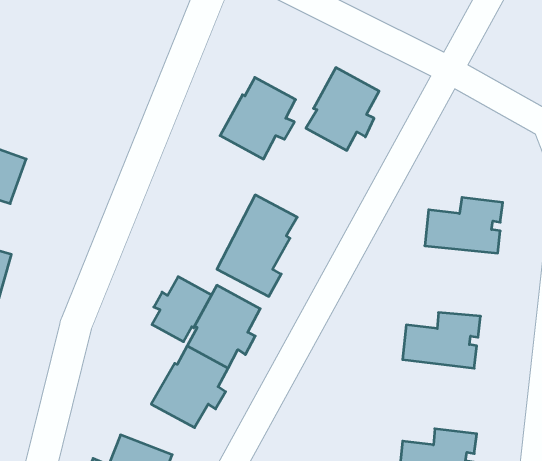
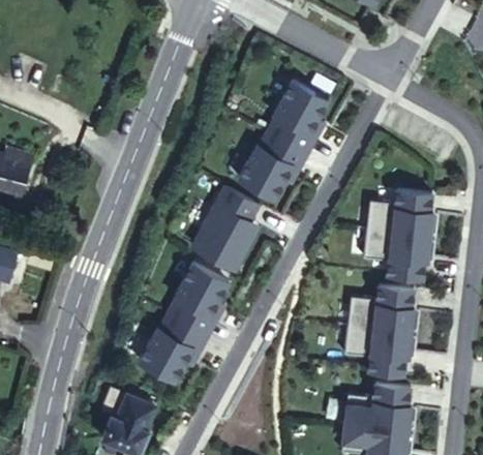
building: [220,77,296,159] -> [239,132,302,201]
building: none -> [364,231,428,280]
building: [152,277,212,342] -> none
building: none -> [345,326,410,375]

